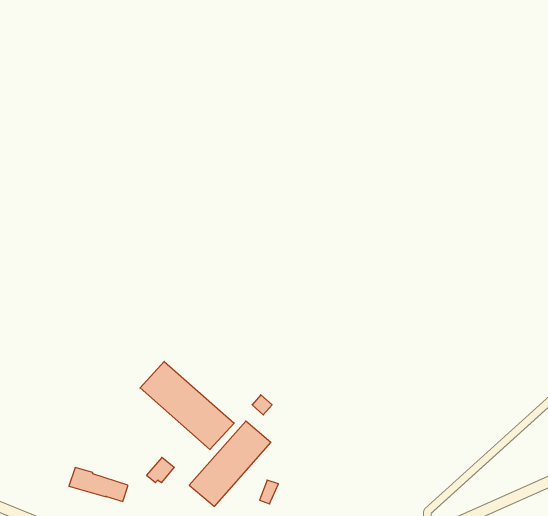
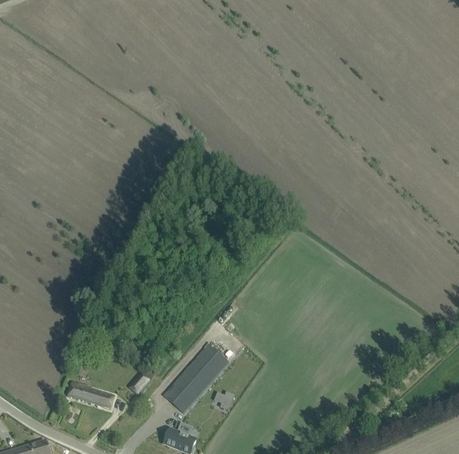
building: [140,361,234,450] -> none

